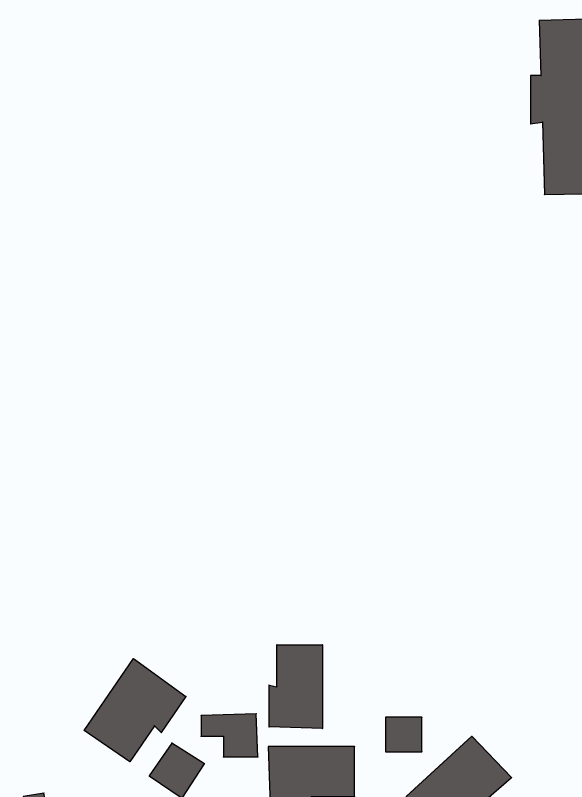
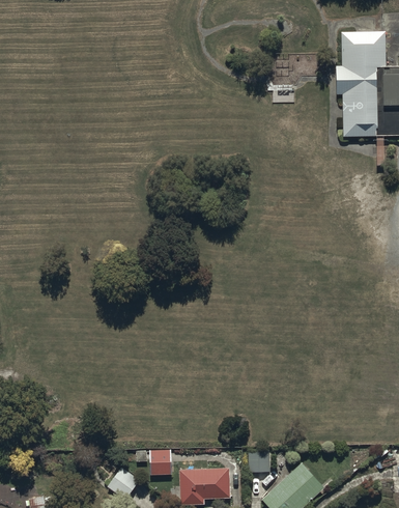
building: [269,645,322,729] -> none
building: [84,659,186,762] -> none

